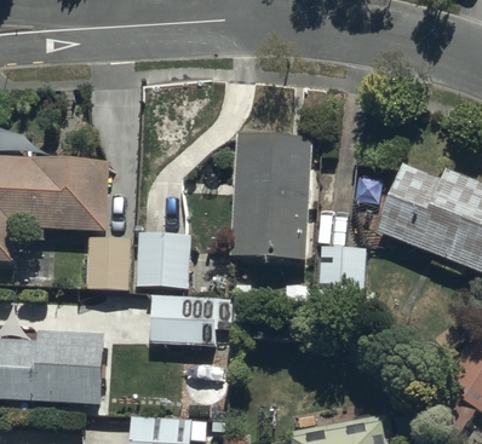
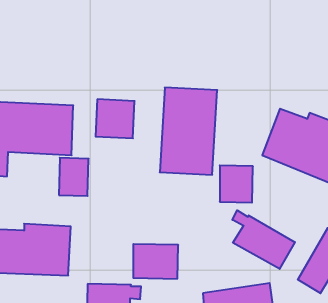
building: [134,230,190,286] -> [96,99,135,138]
building: [151,293,216,342] -> [133,244,178,279]
building: none -> [232,210,295,269]

